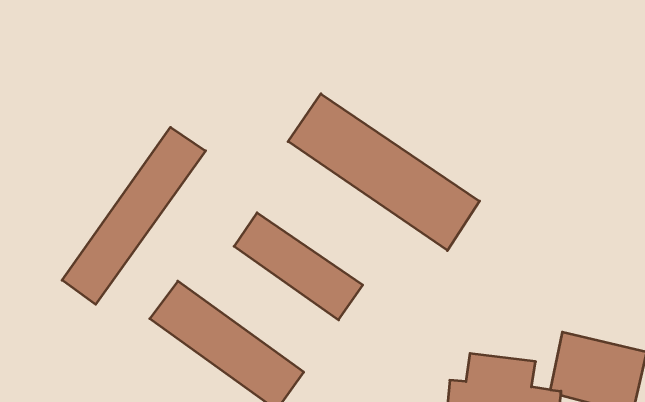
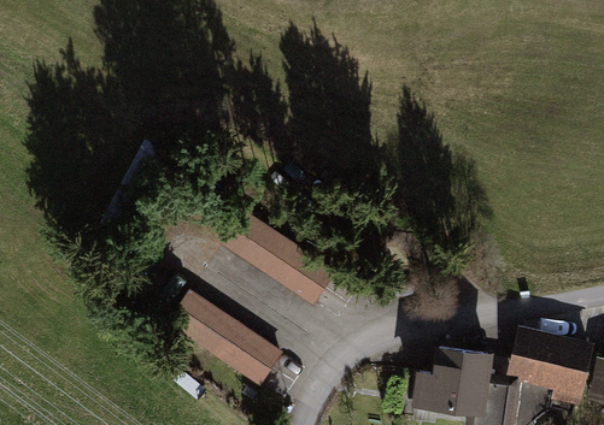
building: [288,94,480,251] -> none
building: [62,127,206,304] -> none

